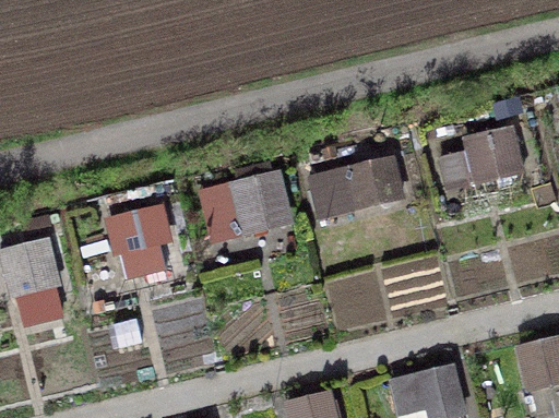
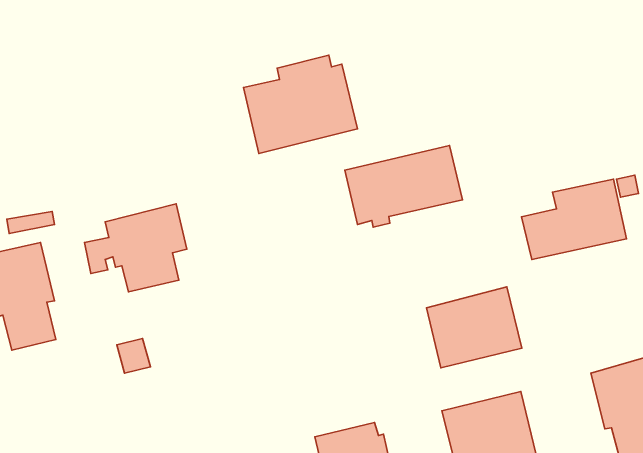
building: [436,123,524,191] -> [522,179,626,259]
building: [198,162,294,244] -> [243,55,357,153]
building: none -> [427,287,522,368]

